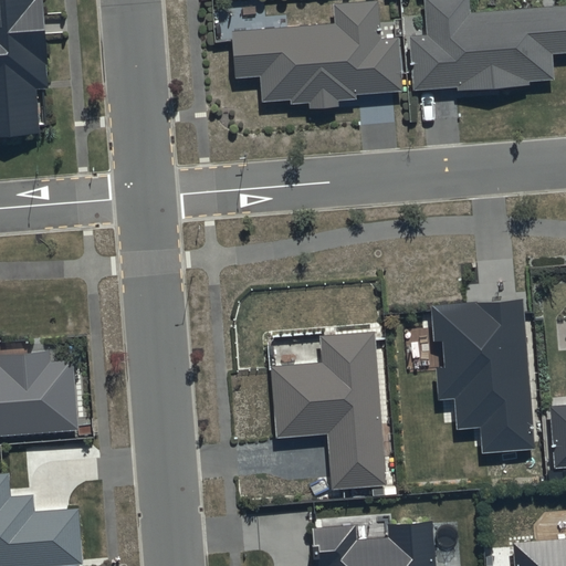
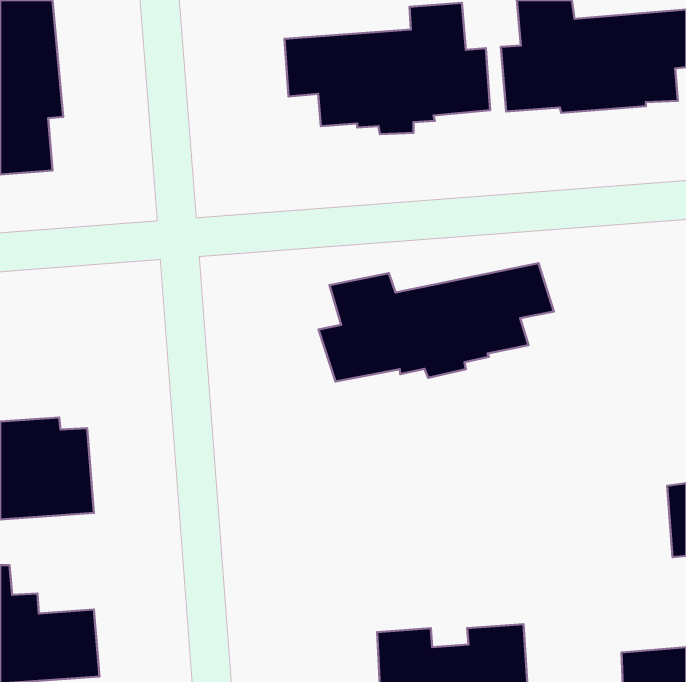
building: none -> [319,263,554,381]
building: [429,296,531,448] -> none
building: [271,327,385,485] -> none

